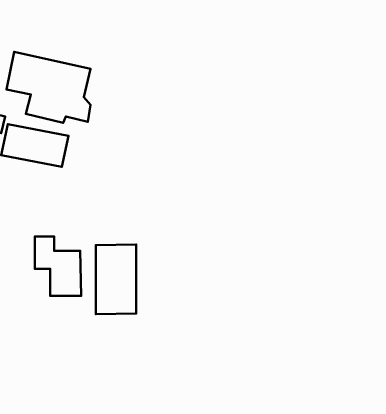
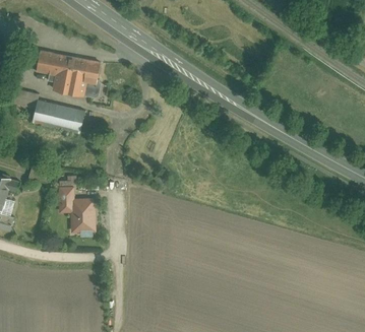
building: [96,245,136,314] -> none

